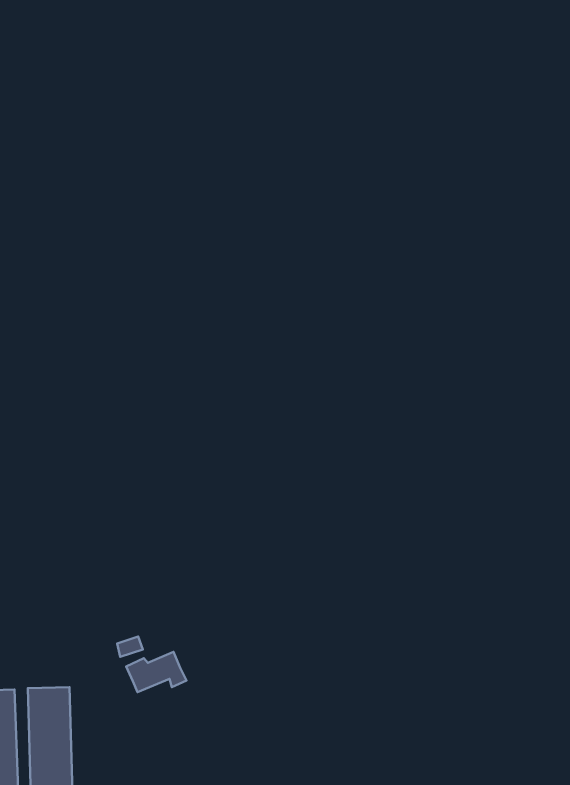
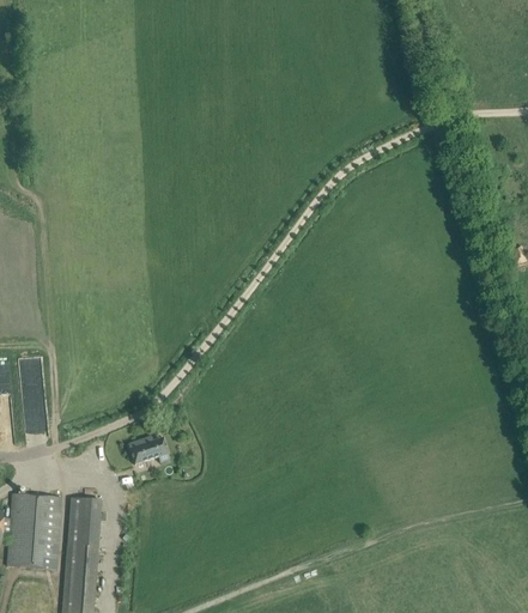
building: [126,652,186,692] -> [128,437,170,463]

